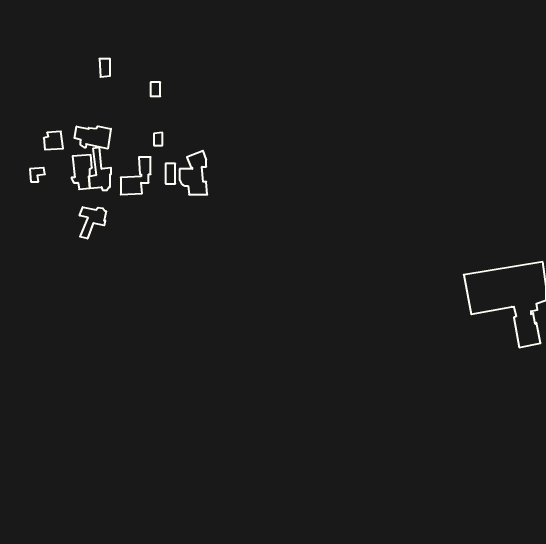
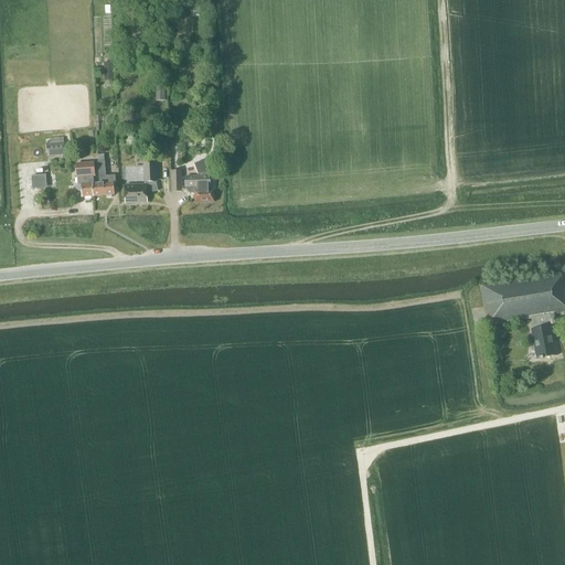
building: [74,126,111,149] -> none
building: [80,207,106,239] -> none

